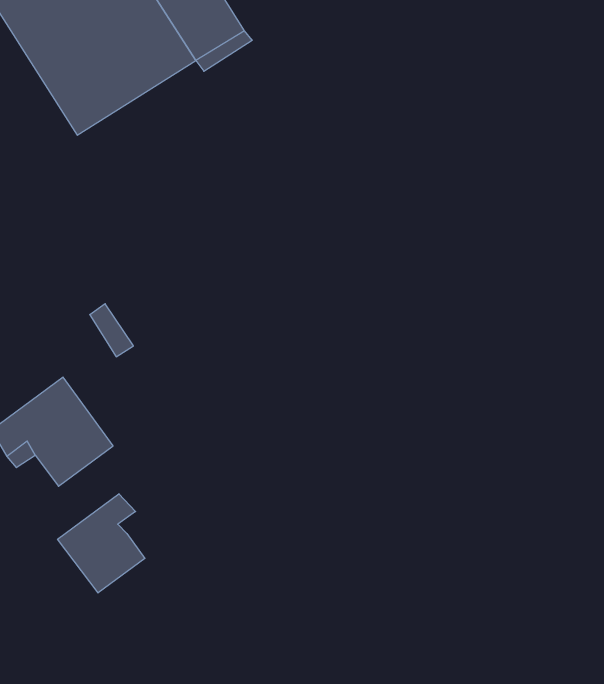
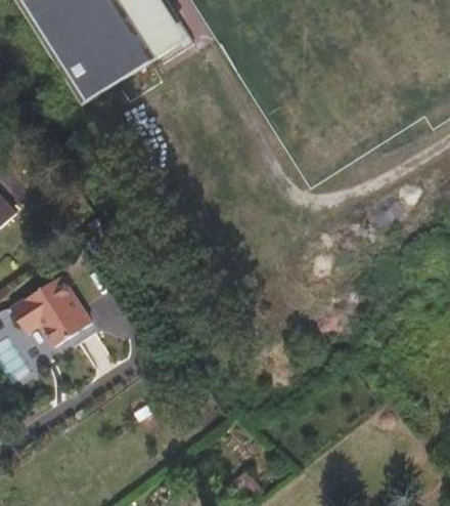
building: [58,494,145,593] -> none

